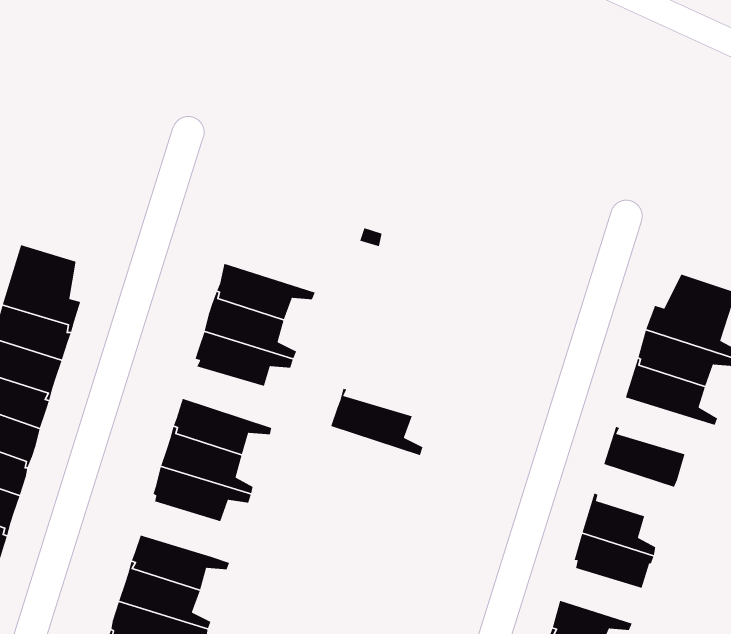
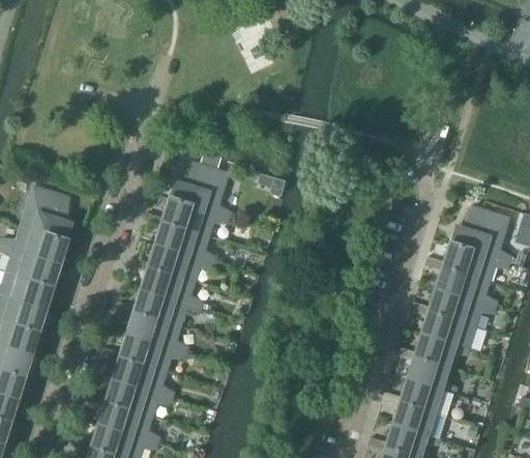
building: none -> [168,163,230,219]
building: [330,388,424,456] -> [140,263,202,309]
building: none -> [429,289,495,326]
building: none -> [414,334,468,368]
building: none -> [112,353,174,399]
building: none -> [391,398,446,439]

